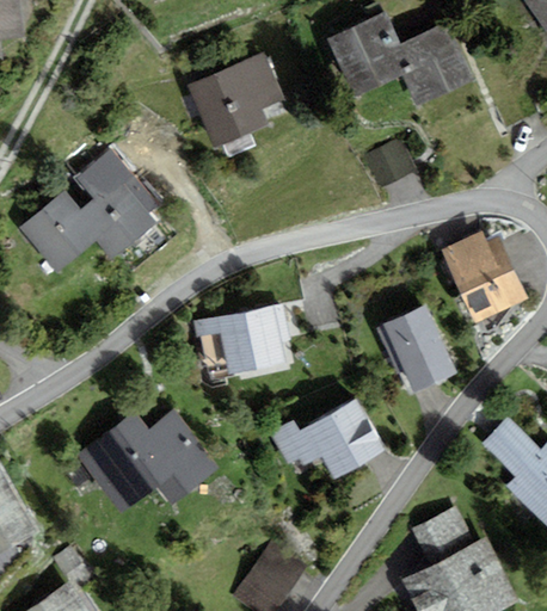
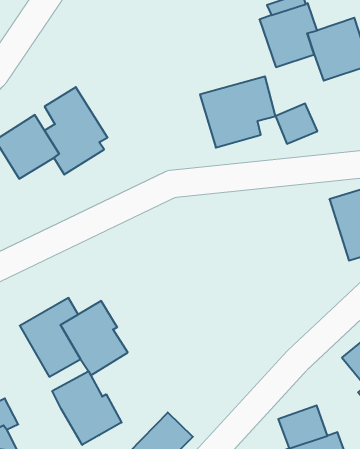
building: [188,53,284,148] -> [200,76,276,148]
building: [193,303,290,375] -> none
building: [377,307,456,393] -> none
building: [271,397,385,481] -> none
building: none -> [52,371,122,445]

